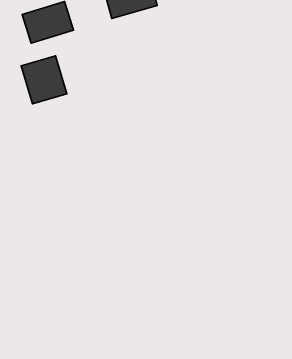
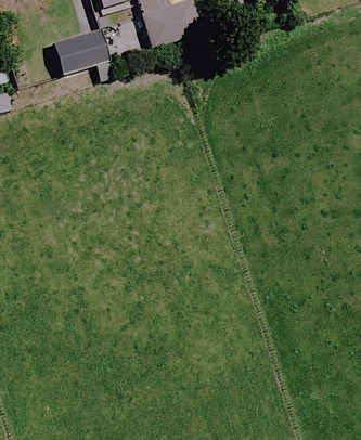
building: [21,56,67,104] -> none

